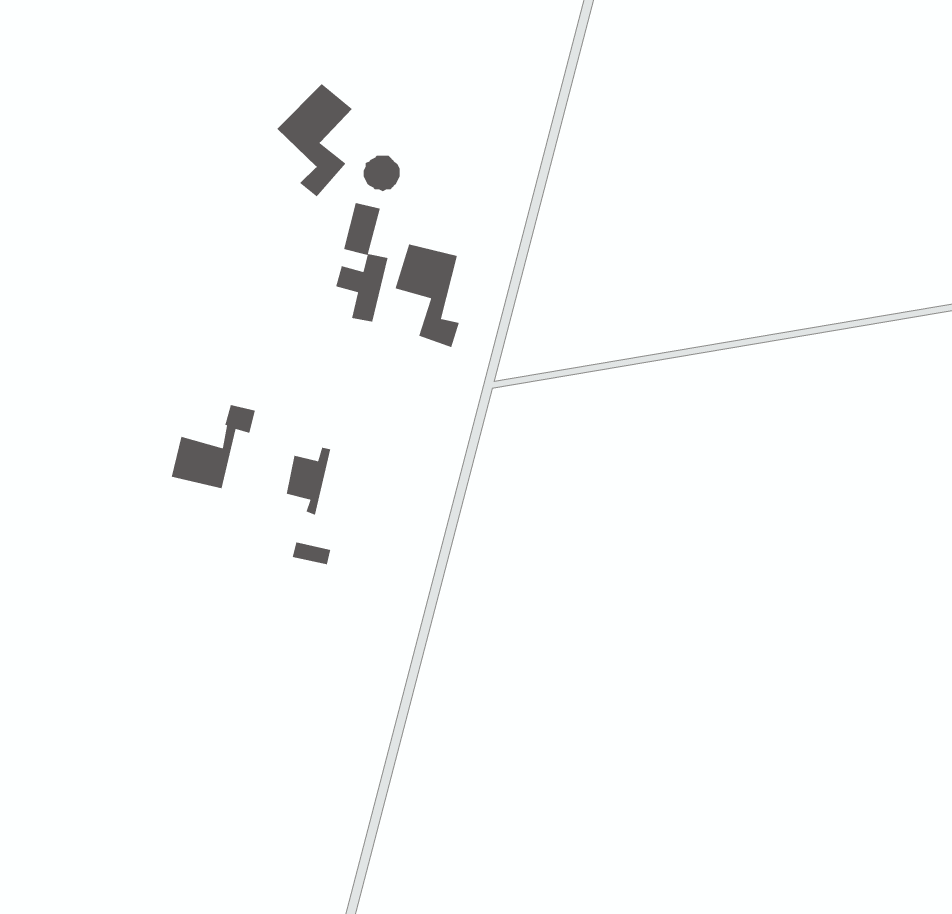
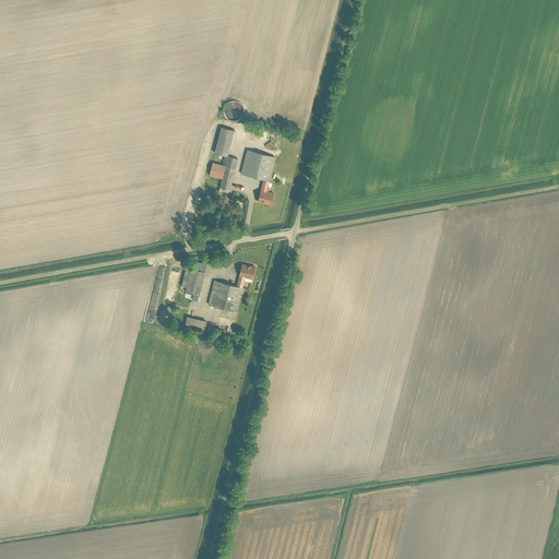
building: [276,83,353,198] -> none
building: [171,404,256,489] -> [209,263,255,310]

